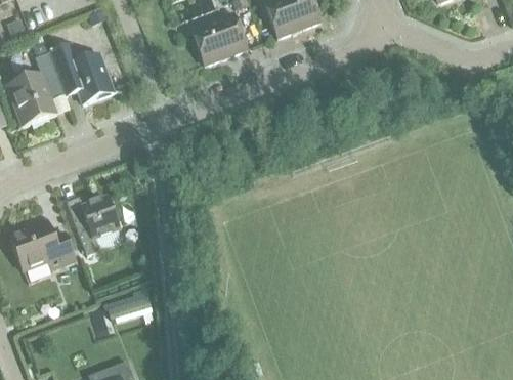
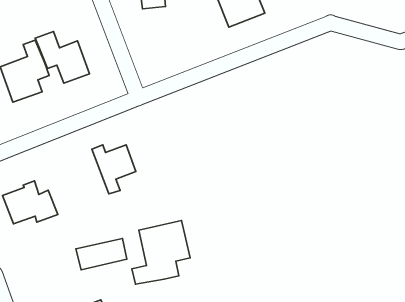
building: [190,12,248,65] -> none
building: [67,197,119,255] -> [92,145,136,194]
building: none -> [132,221,190,284]

